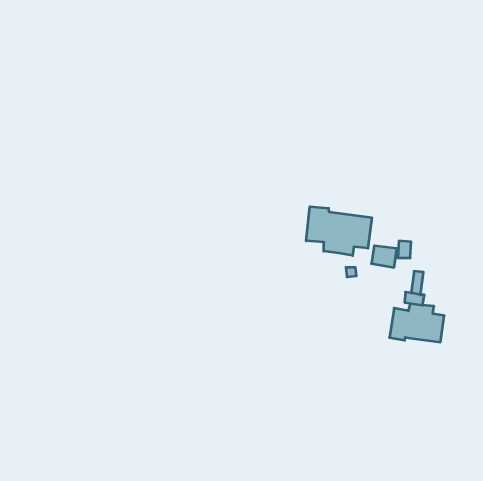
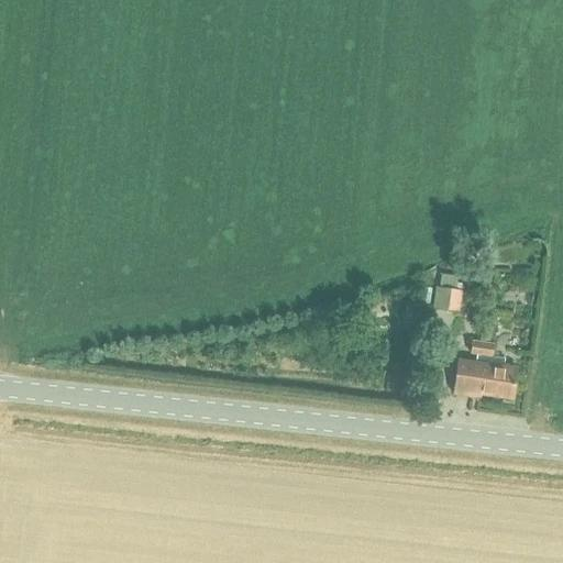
building: [306,207,372,256] -> none

